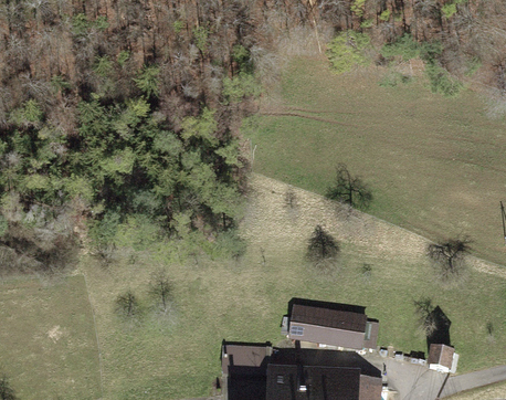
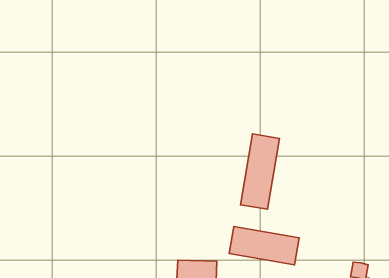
building: none -> [240,134,280,209]

